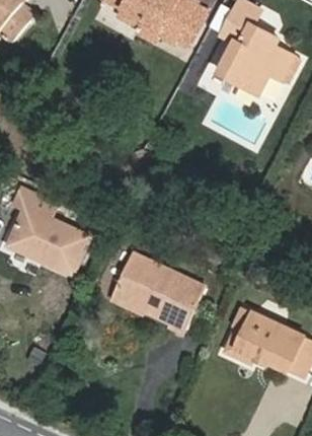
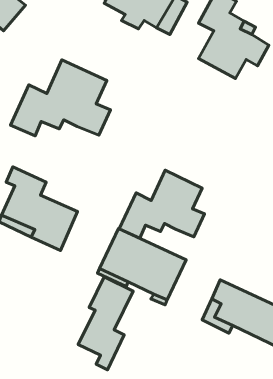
building: none -> [10,60,111,136]
building: none -> [119,170,204,238]
building: none -> [78,277,133,370]

